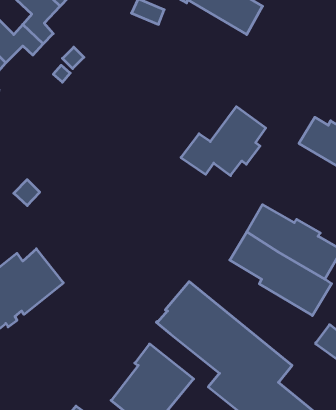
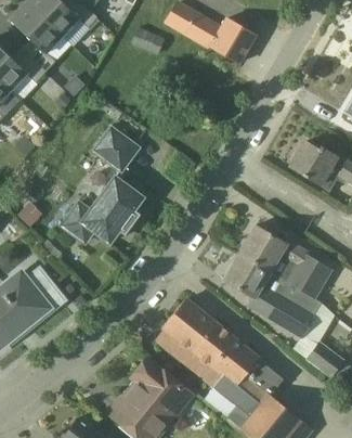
building: none -> [94,127,139,170]
building: [181,107,266,176] -> [62,177,143,243]

